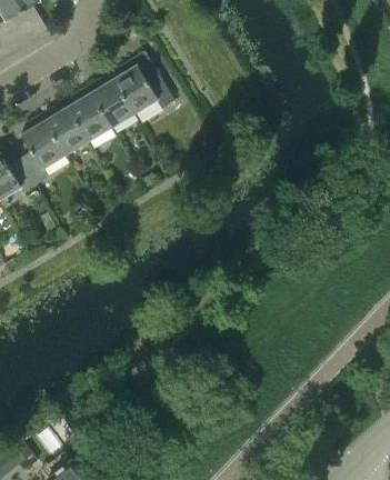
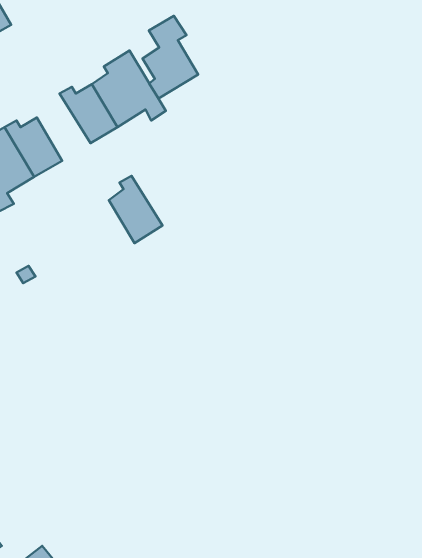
building: none -> [143,16,198,98]
building: [67,87,111,142] -> [109,176,163,243]

